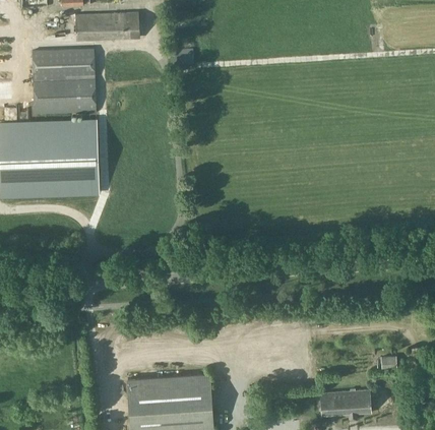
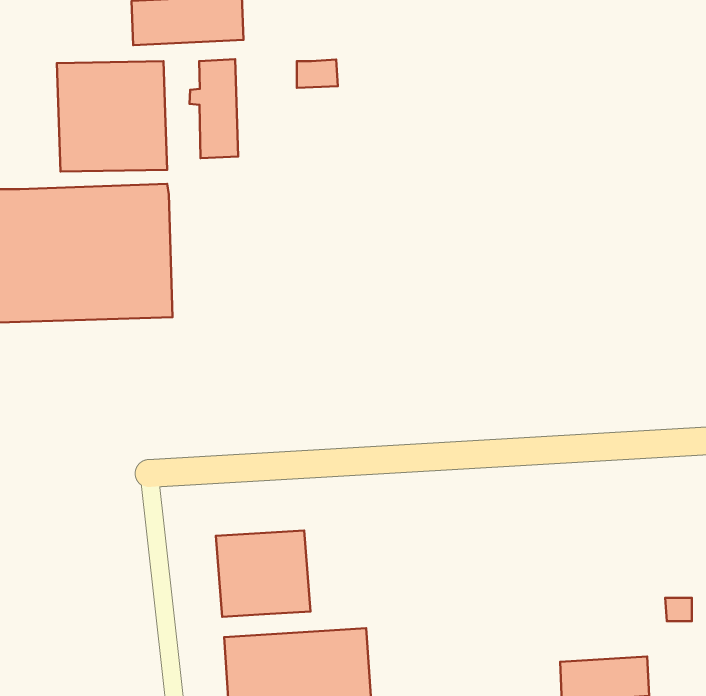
building: none -> [190,59,238,158]
building: none -> [216,531,311,617]

